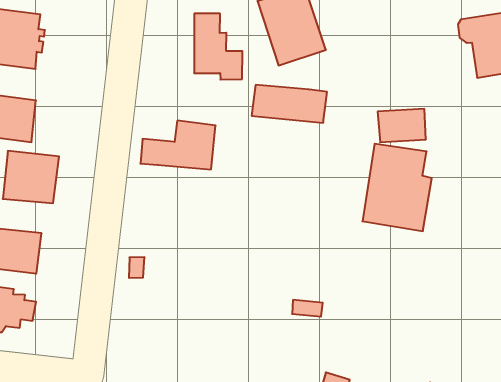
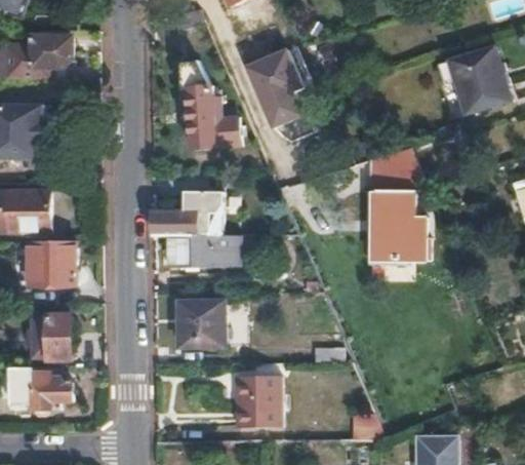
building: [252,85,327,123] -> [169,233,238,265]
building: none -> [178,300,225,345]
building: none -> [235,374,280,424]

